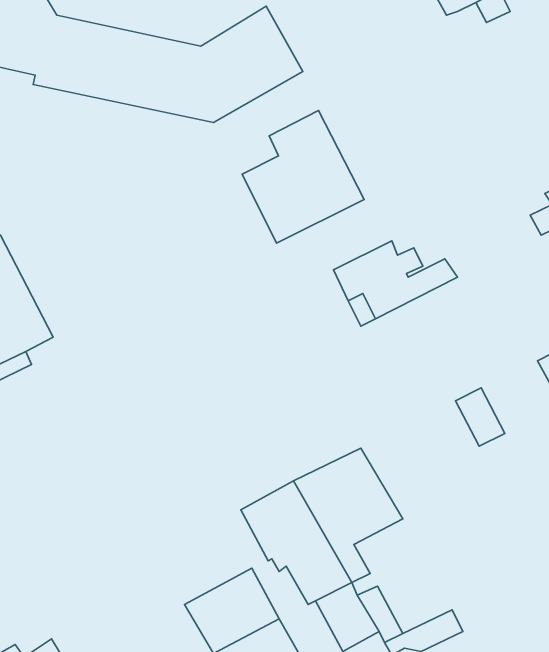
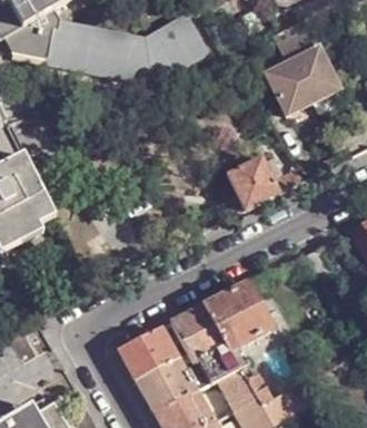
building: [242,110,364,243] -> [265,36,339,117]
building: none -> [118,327,178,379]

